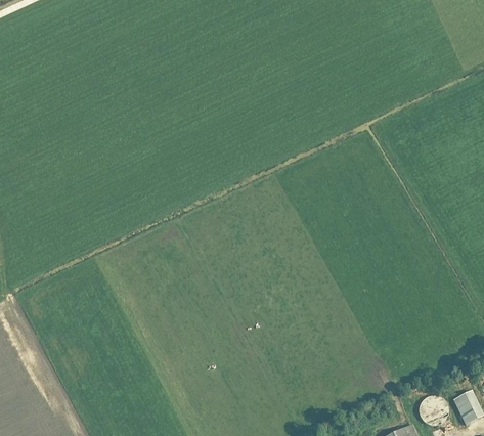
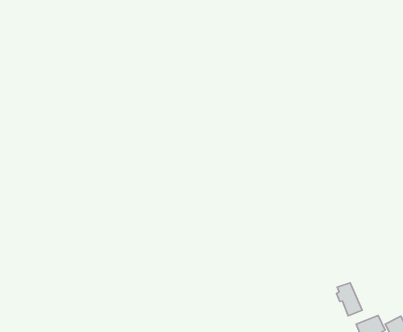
building: none -> [337,283,362,316]

